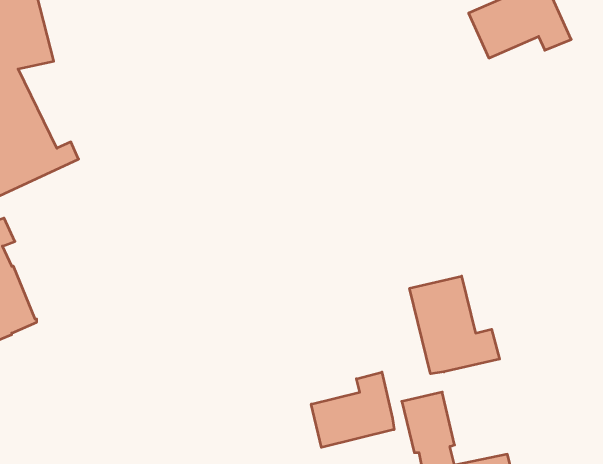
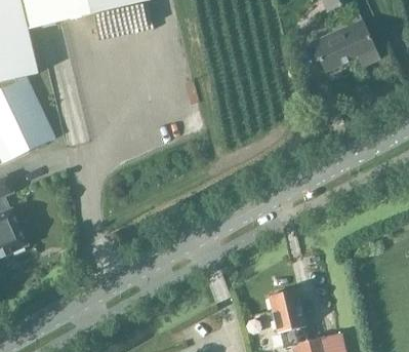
building: [410,276,500,374] -> none
building: [311,372,394,447] -> none

